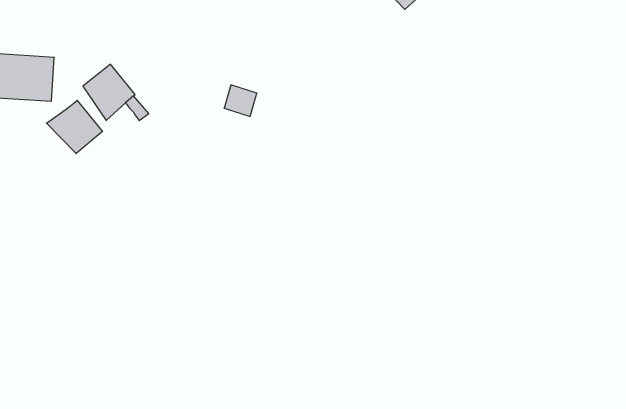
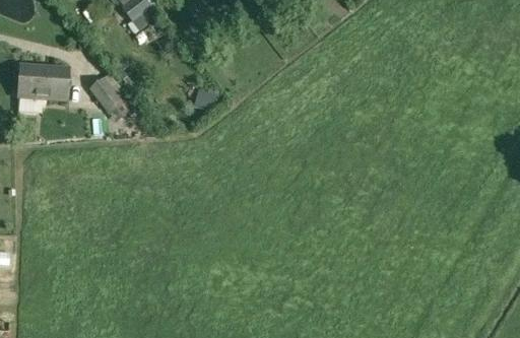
building: [46,100,103,154] -> none

